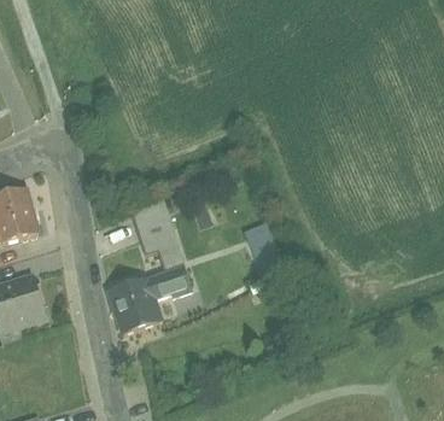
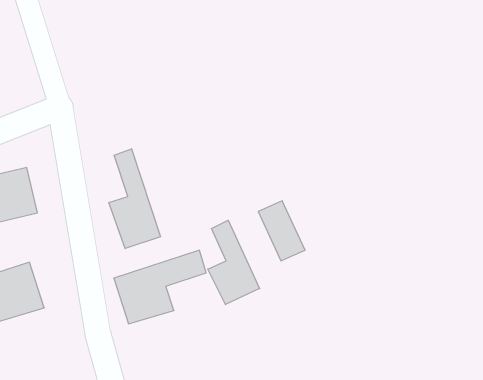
building: none -> [109,149,161,249]
building: none -> [208,220,260,305]

